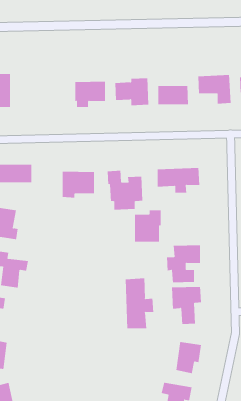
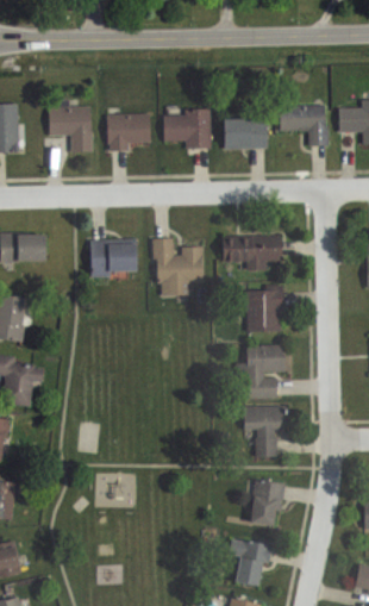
building: none -> [49,107,93,152]
building: [134,210,161,242] -> [245,286,283,331]
building: [125,277,154,329] -> none

